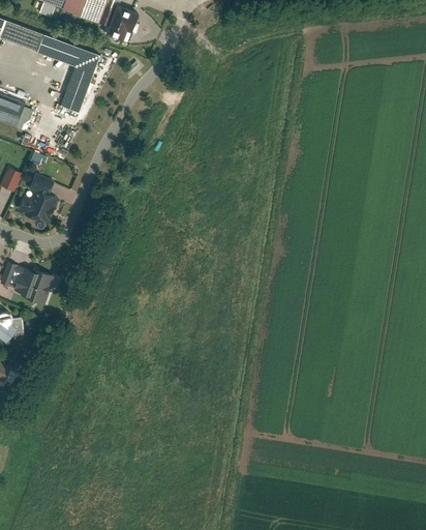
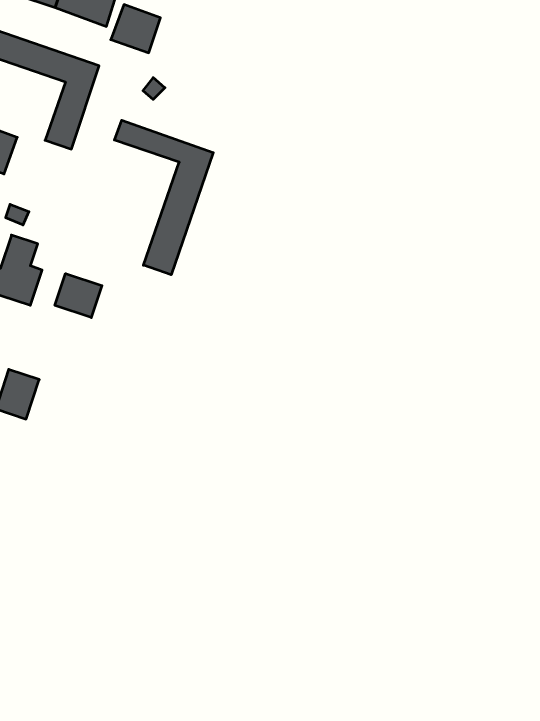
building: none -> [114,120,213,275]
building: none -> [55,274,102,318]

